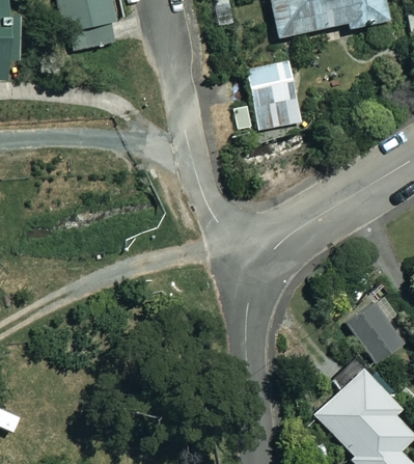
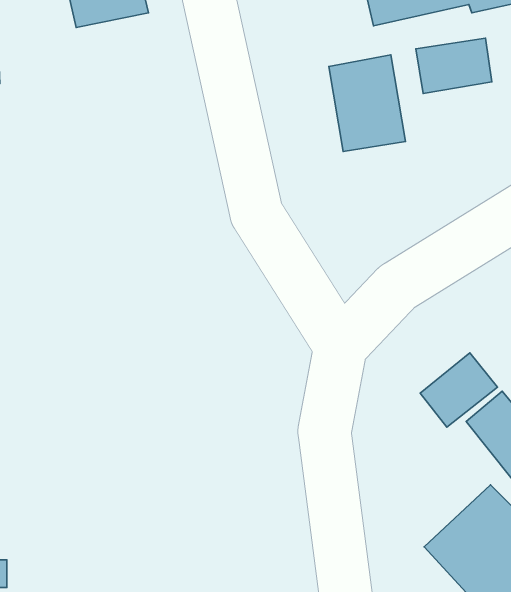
building: none -> [416,38,492,94]
building: none -> [420,353,498,427]

